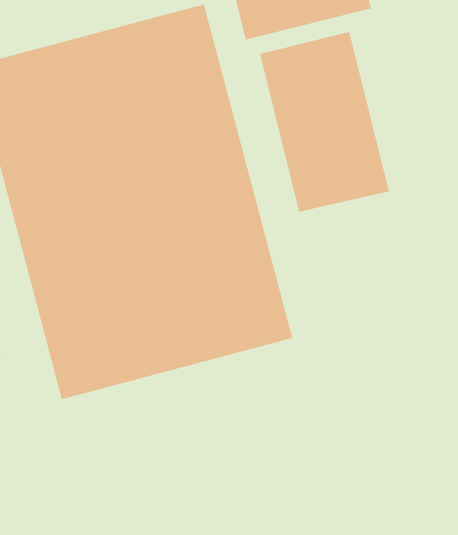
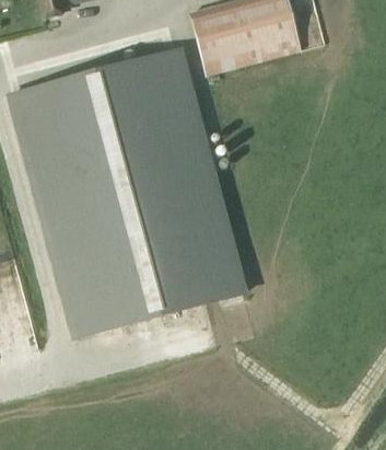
building: [260,31,390,213] -> none

